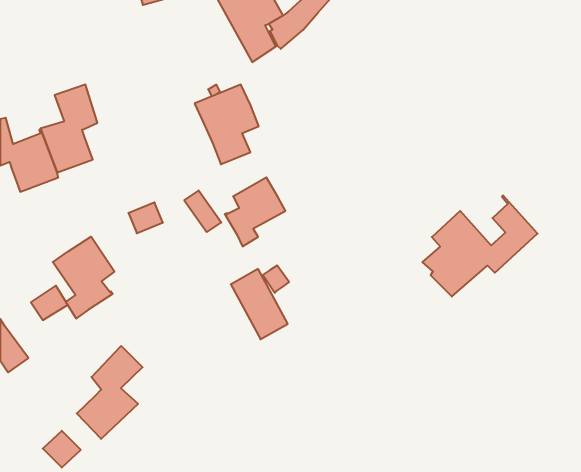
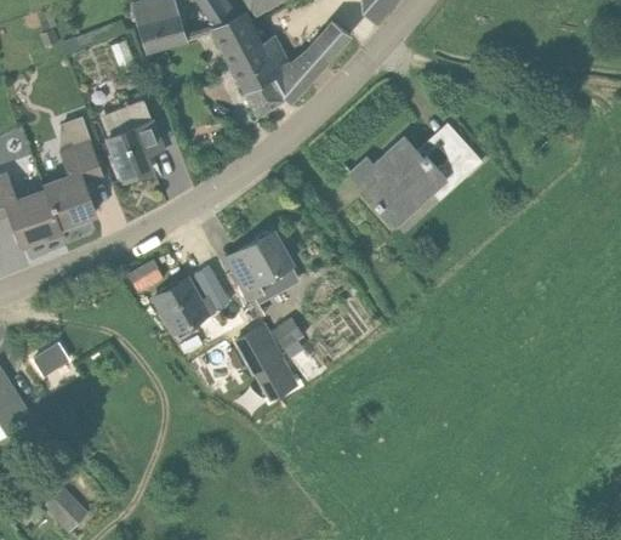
building: [195,85,259,164] -> [95,97,160,178]
building: [422,195,538,297] -> [364,121,482,224]
building: none -> [153,278,212,336]
building: [53,237,114,319] -> none
building: [77,346,143,439] -> none

